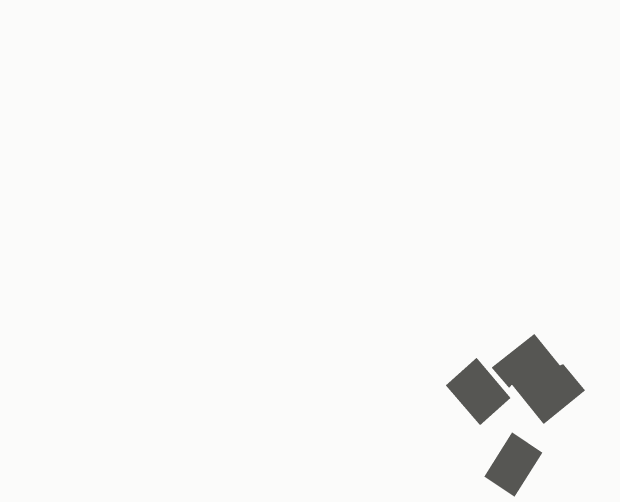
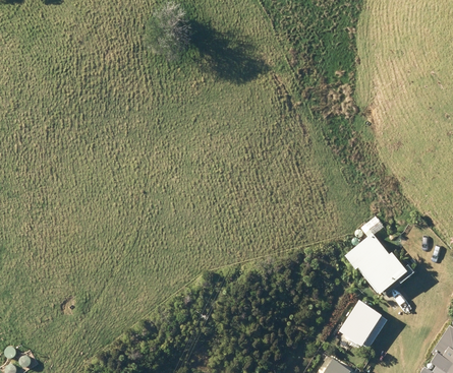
building: [445,357,512,426] -> none

